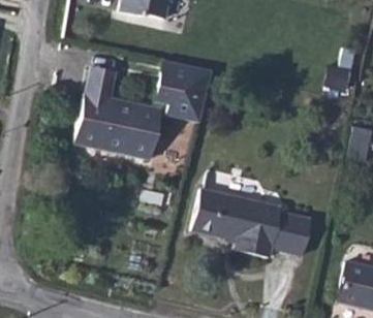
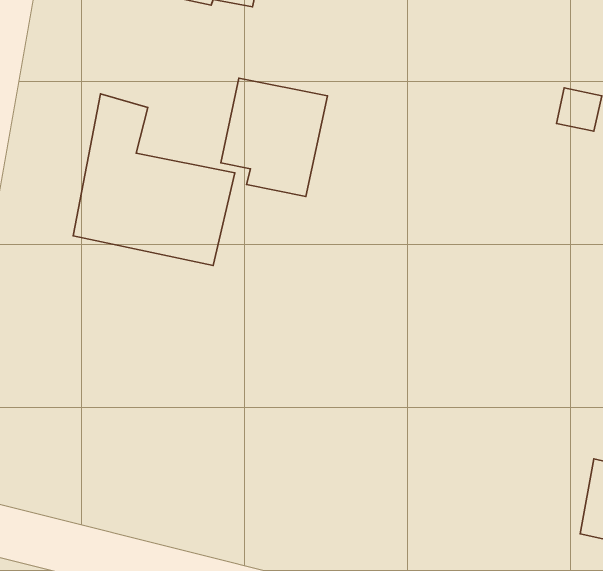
building: [199,192,313,254] -> none

